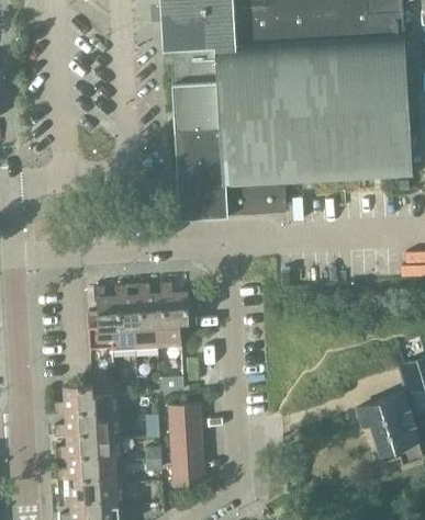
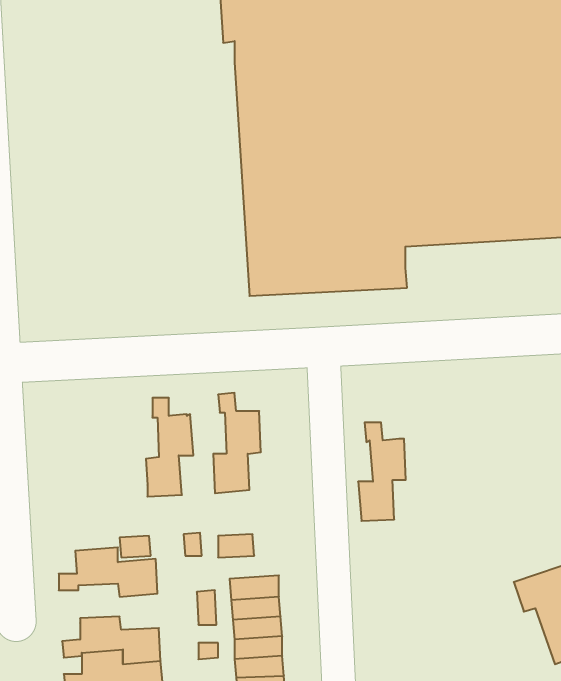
building: [133,284,165,350] -> [358,422,406,521]
building: [87,286,120,344] -> none
building: [54,409,120,440] -> none

